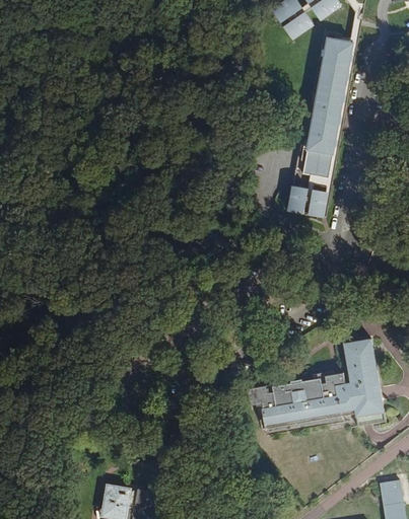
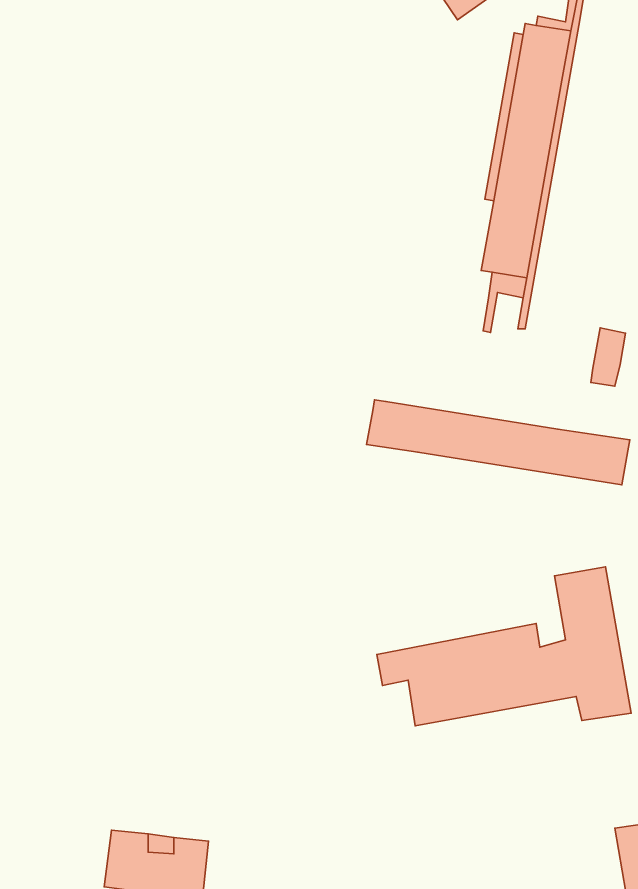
building: [306,187,326,219] -> [591,328,626,386]
building: [288,188,306,216] -> none
building: none -> [367,400,630,485]

